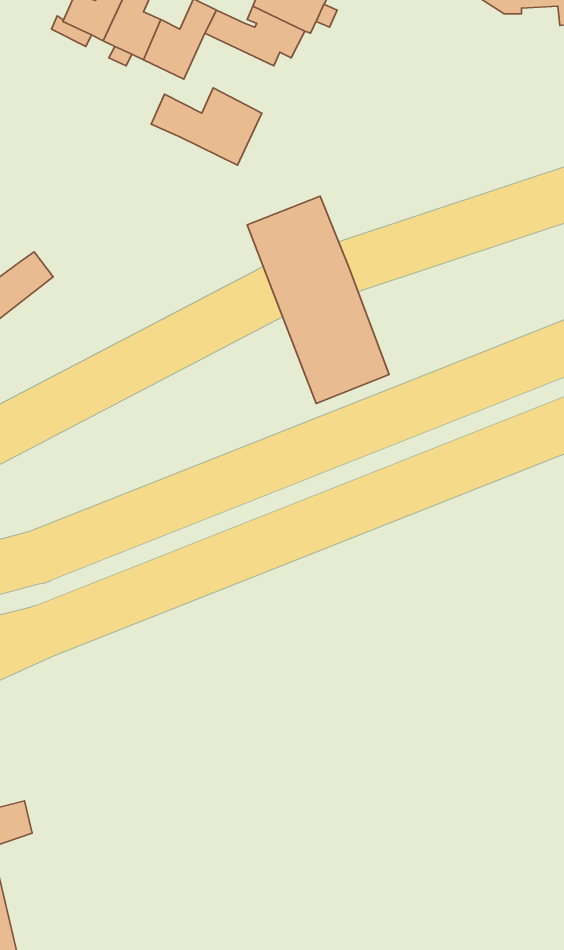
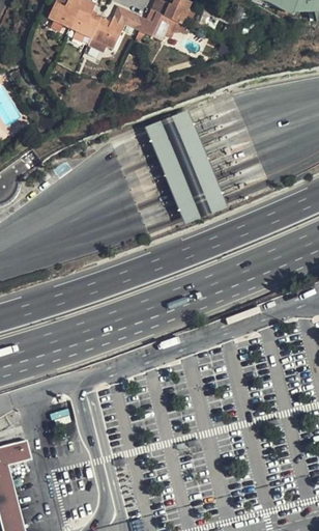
building: [151,88,262,165] -> none

